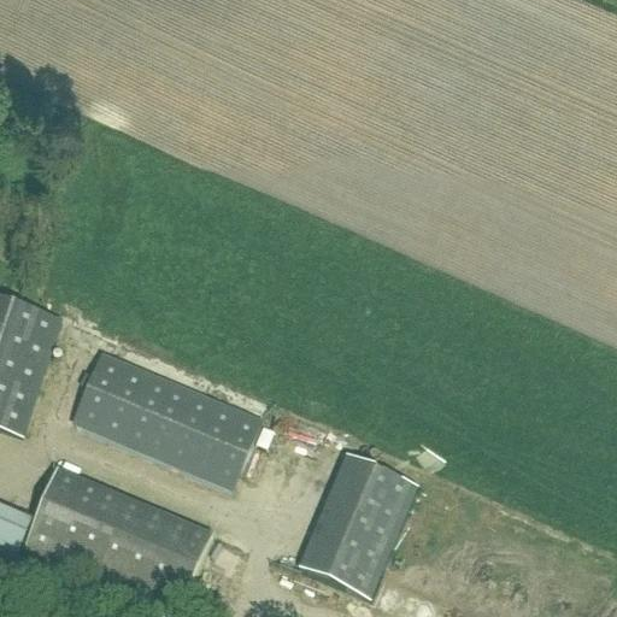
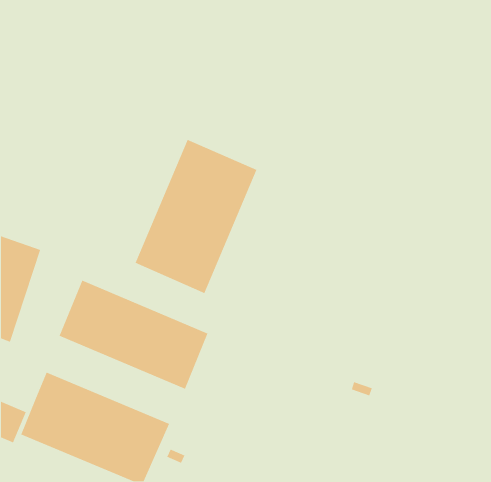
building: none -> [135,139,258,294]
building: [299,453,418,597] -> none

